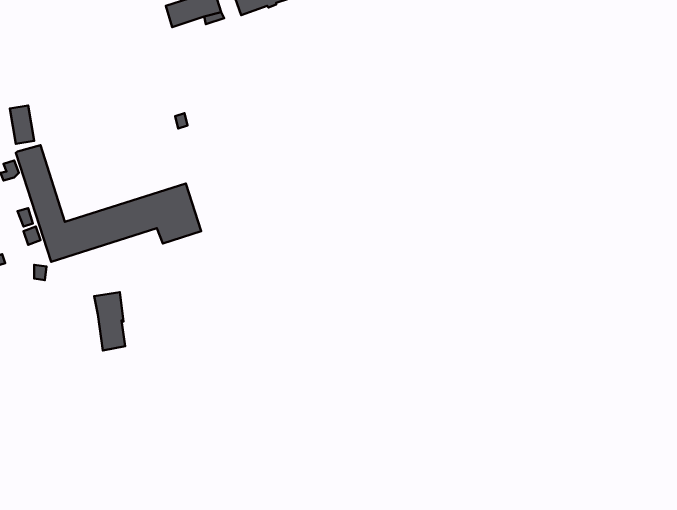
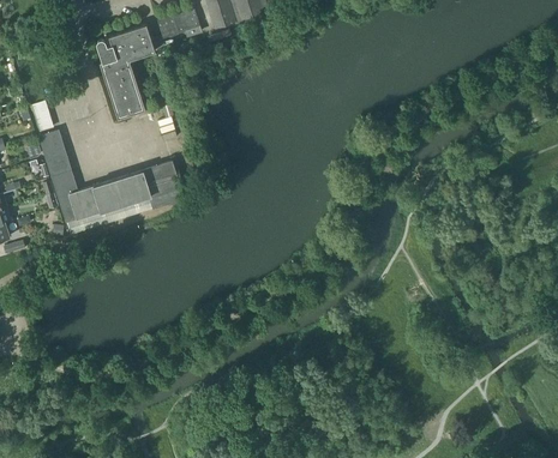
building: none -> [97,25,155,120]
building: [94,292,125,351] -> none

